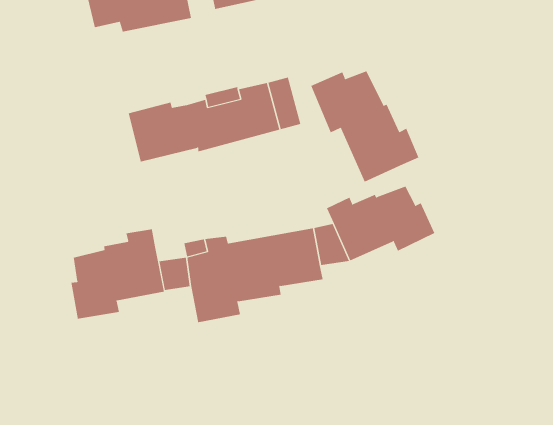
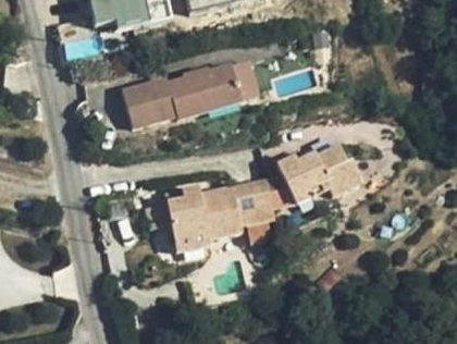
building: [311,71,419,182] -> none
building: [71,228,164,319] -> none

